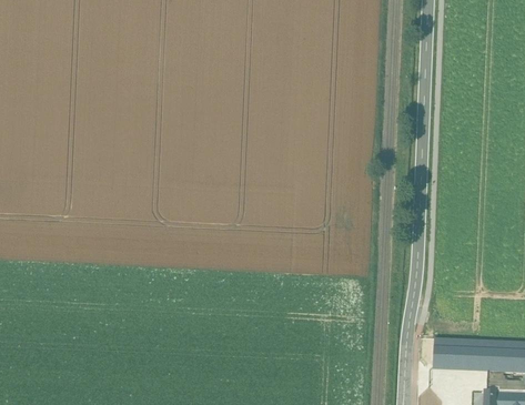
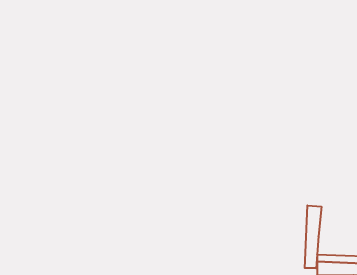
building: none -> [305,205,321,268]

